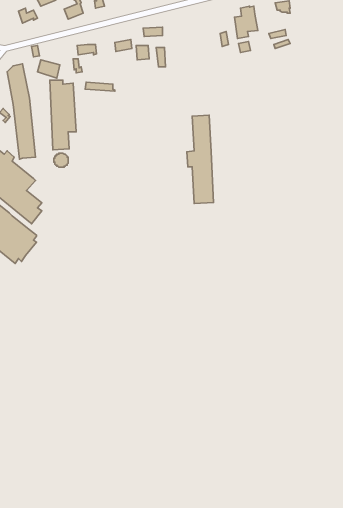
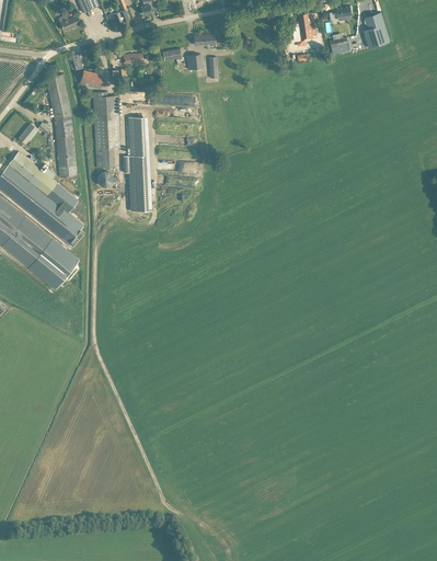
building: none -> [363,12,389,48]
building: [187,115,213,203] -> [122,116,150,211]

